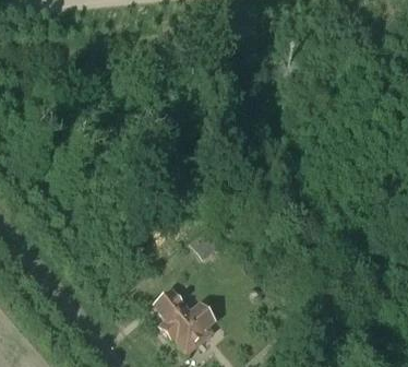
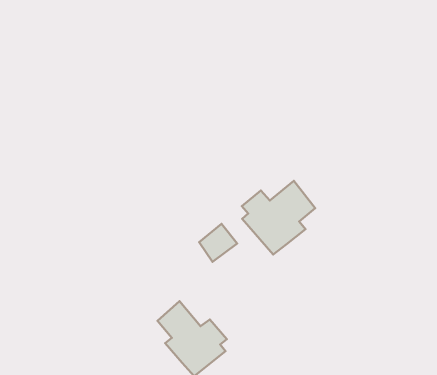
building: none -> [242,181,315,255]

